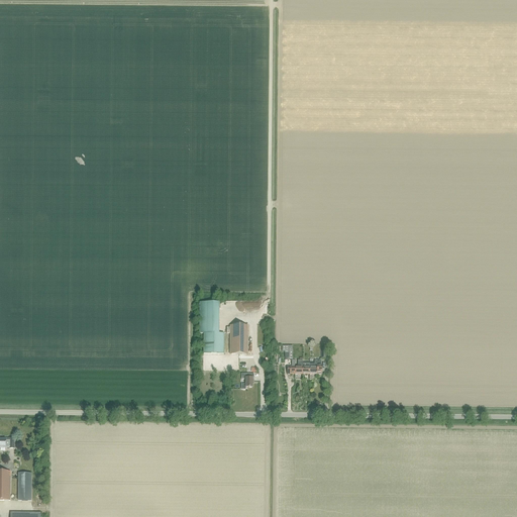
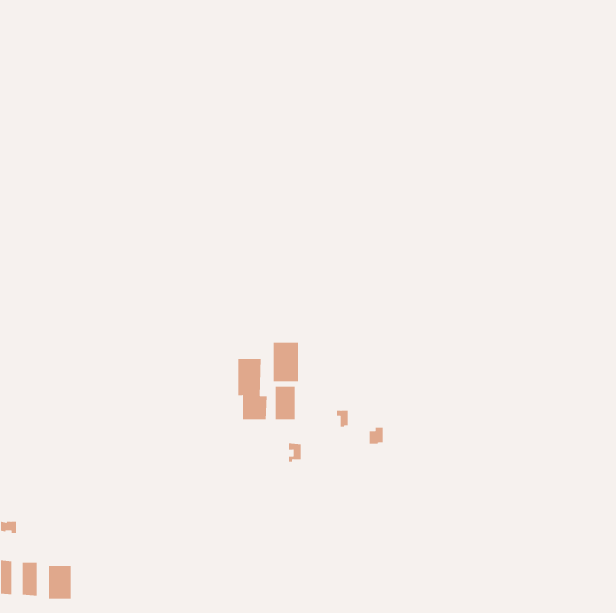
building: none -> [273,342,298,382]
building: none -> [48,565,71,600]

